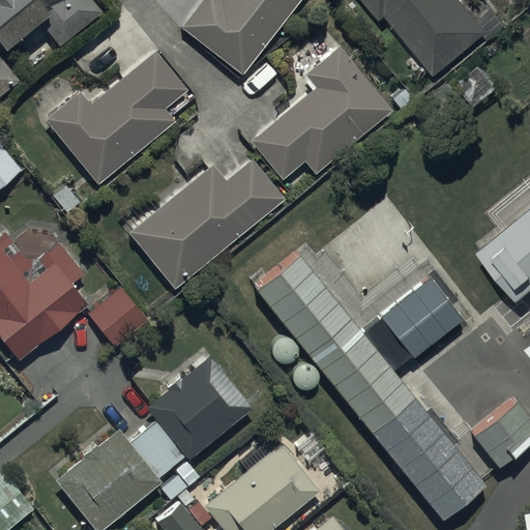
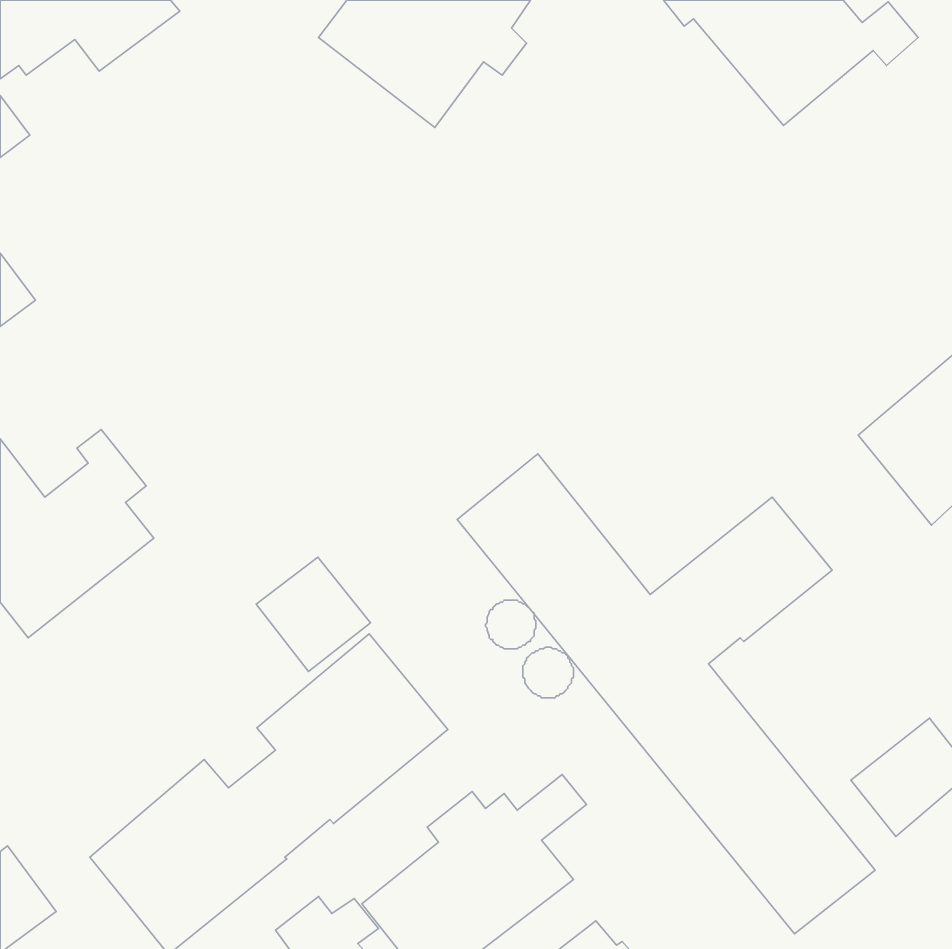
building: [249,45,392,180] -> none
building: [46,50,188,184] -> none
building: [128,157,286,289] -> none
building: [86,286,149,349] -> [256,557,370,672]

